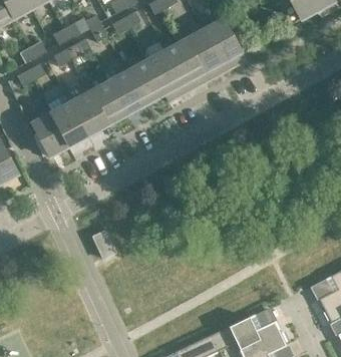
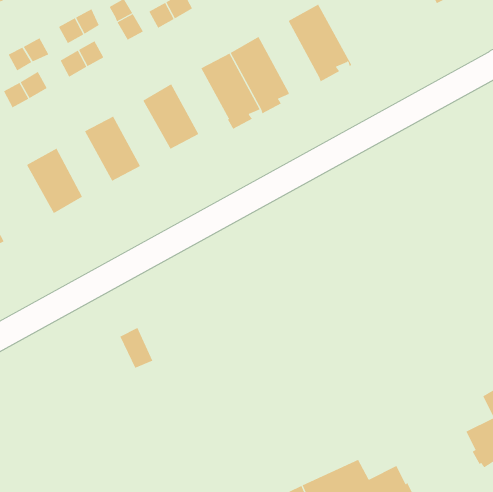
building: [184,29,223,80] -> none
building: [126,60,163,103] -> none
building: [88,81,125,124] -> none
building: [51,101,87,144] -> none

